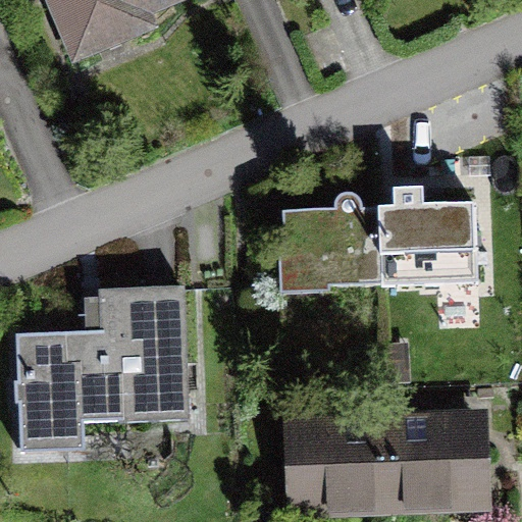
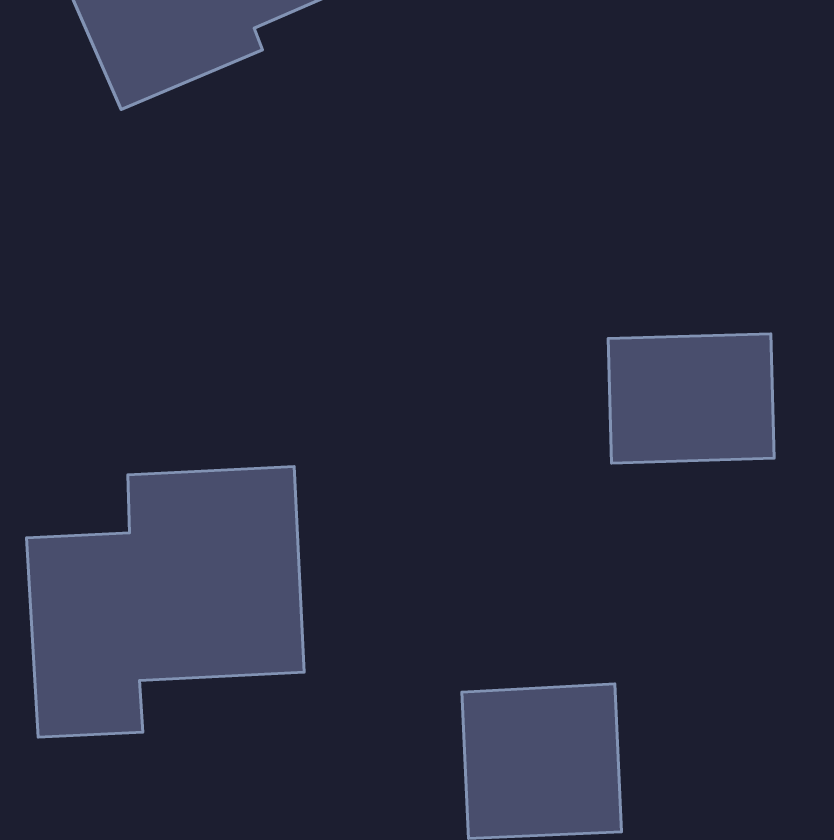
building: [279,208,375,288] -> none
building: [377,416,485,511] -> none

